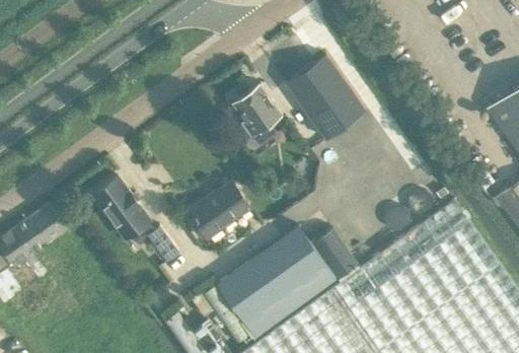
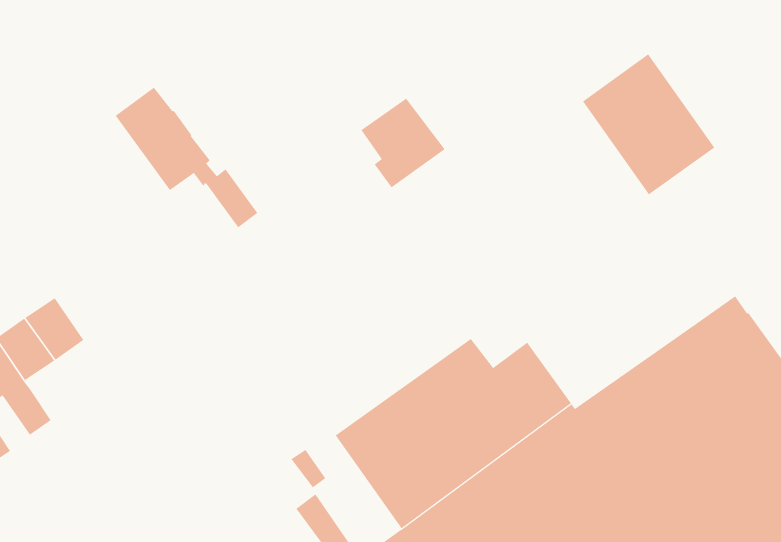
building: [286,56,365,140] -> [582,54,715,195]
building: [93,178,178,262] -> [115,87,258,228]
building: [188,182,250,239] -> none

